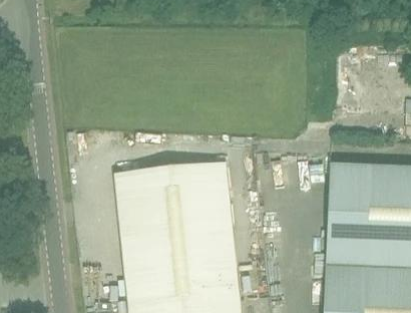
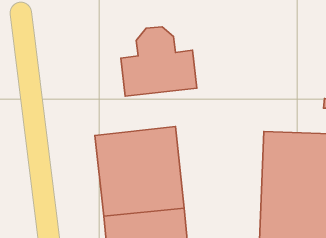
building: none -> [121,27,197,96]

